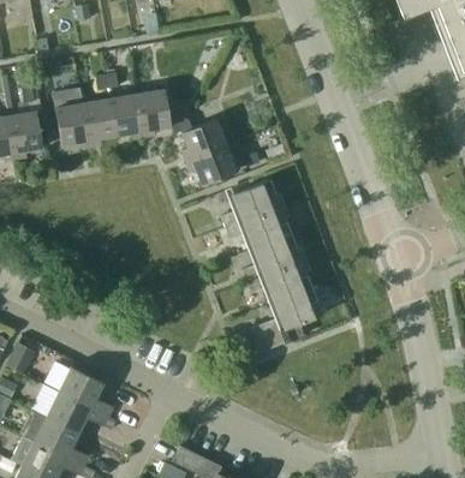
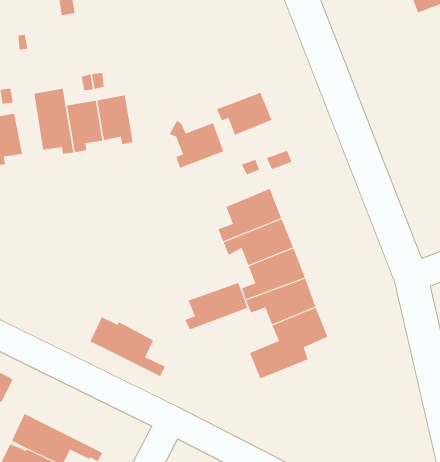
building: [136,88,183,136] -> none
building: [185,144,237,184] -> [216,92,273,136]
building: none -> [185,282,248,330]
building: [43,360,113,416] -> [90,316,166,377]

